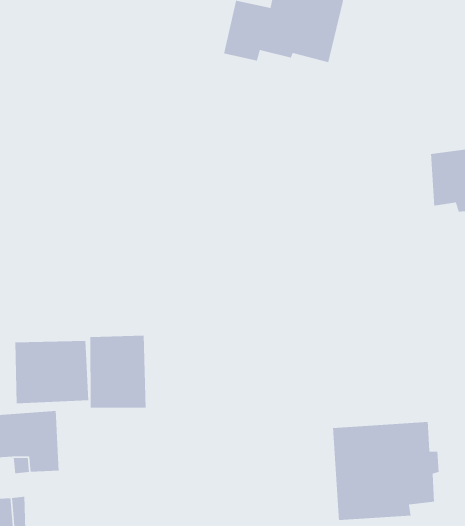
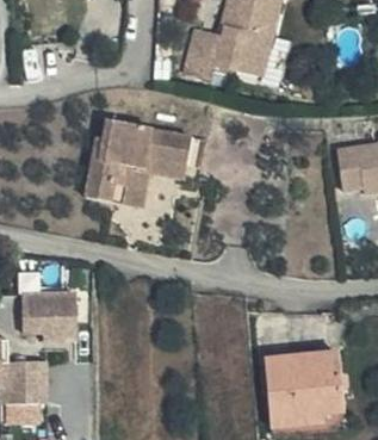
building: none -> [82,119,190,206]
building: [89,335,146,408] -> none

